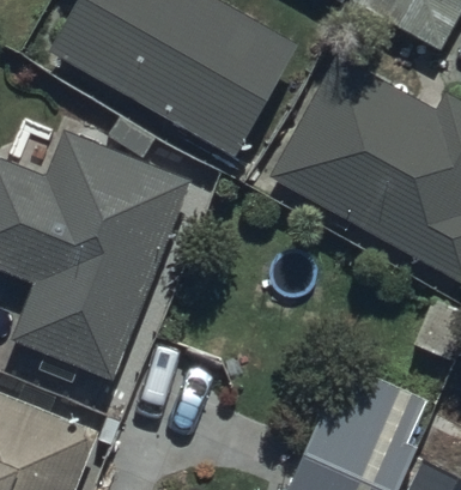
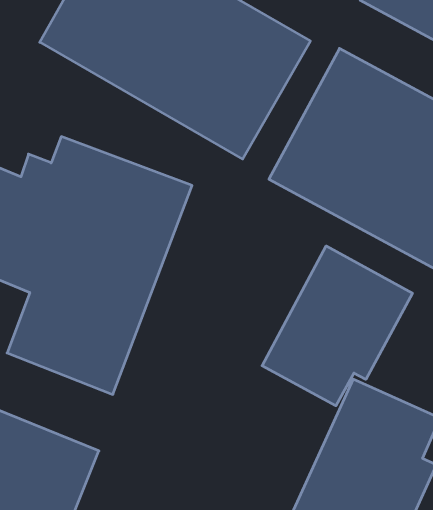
building: none -> [262,246,412,406]

